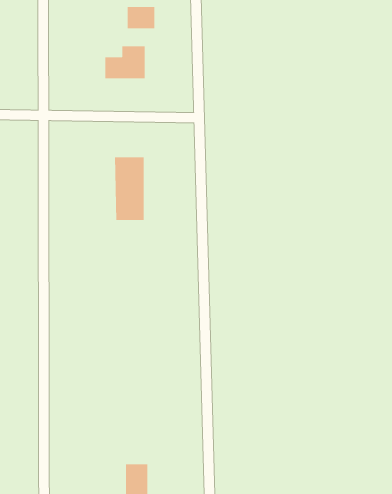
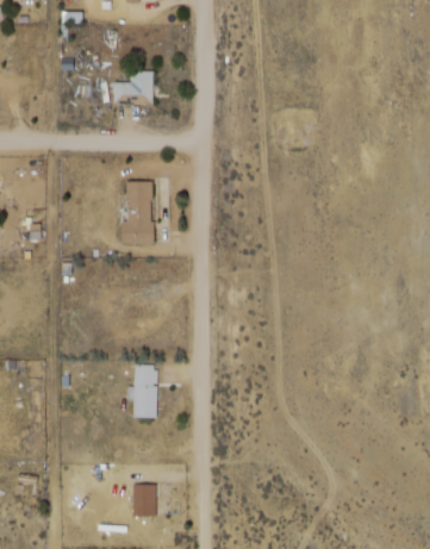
building: [127,6,155,29] -> none
building: none -> [133,366,156,418]

